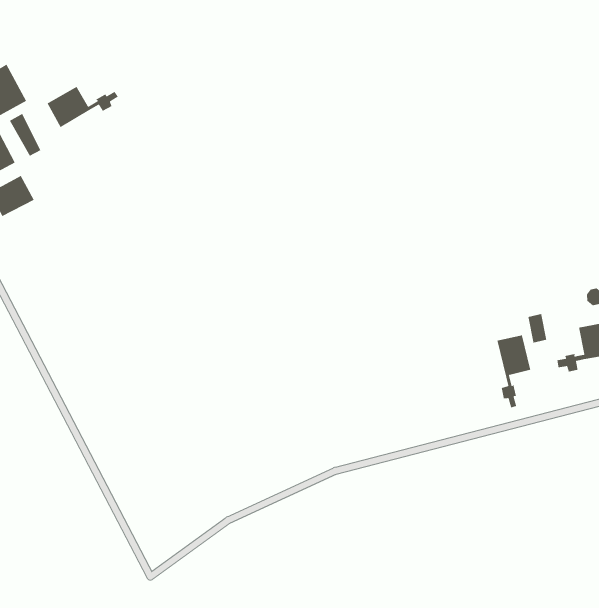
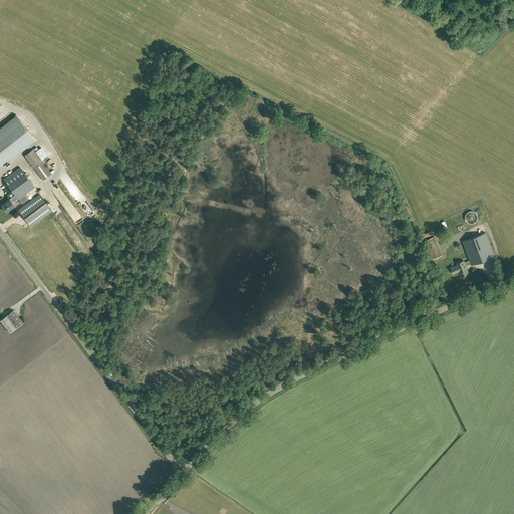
building: [47,86,119,128] -> none
building: [496,334,531,408] -> none

